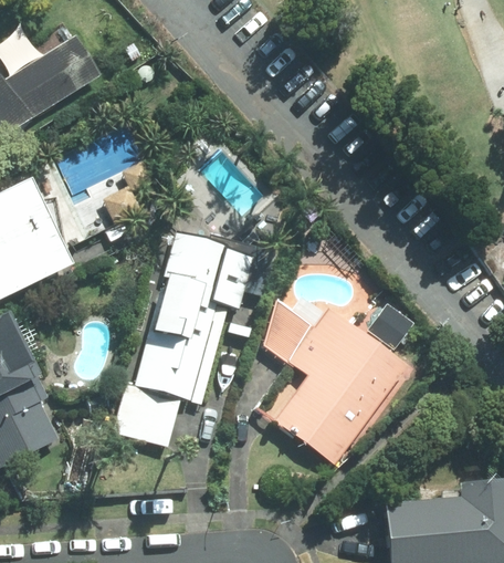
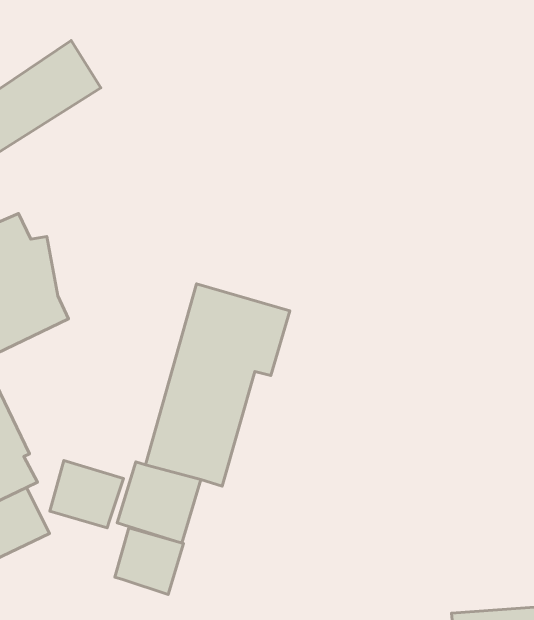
building: [258,299,414,465] -> none
building: none -> [50,461,124,528]
building: none -> [115,528,184,595]

